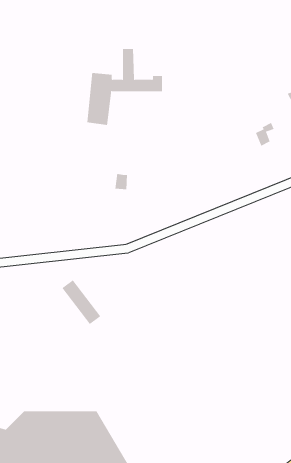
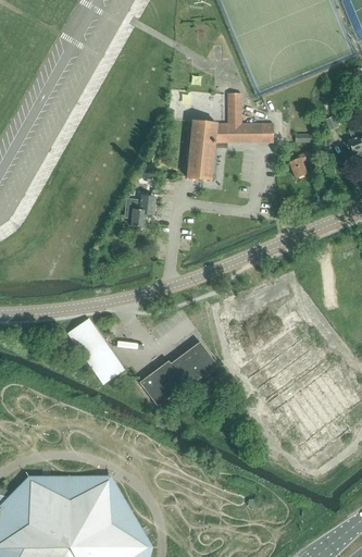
building: [87,48,163,126] -> [187,94,273,181]
building: none -> [139,342,217,406]

